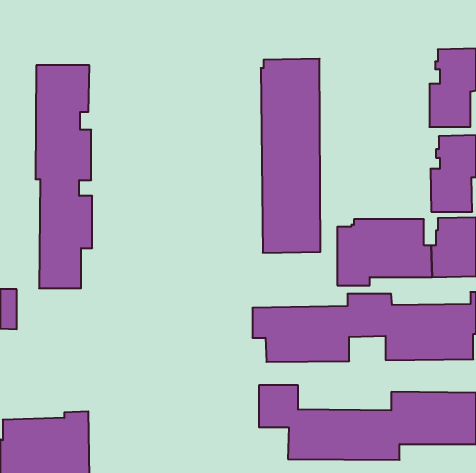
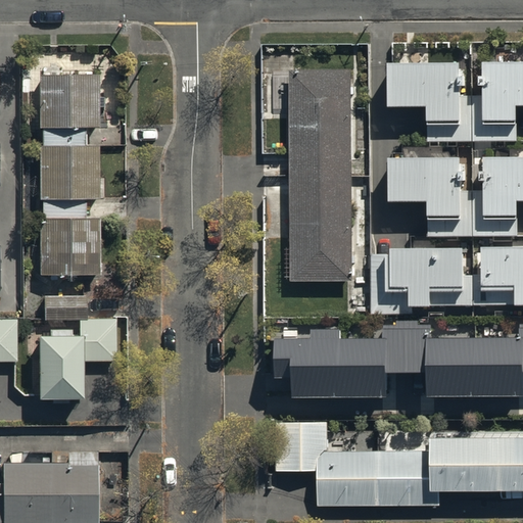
building: none -> [385,57,471,143]
building: none -> [387,151,473,237]
building: none -> [41,321,117,397]

